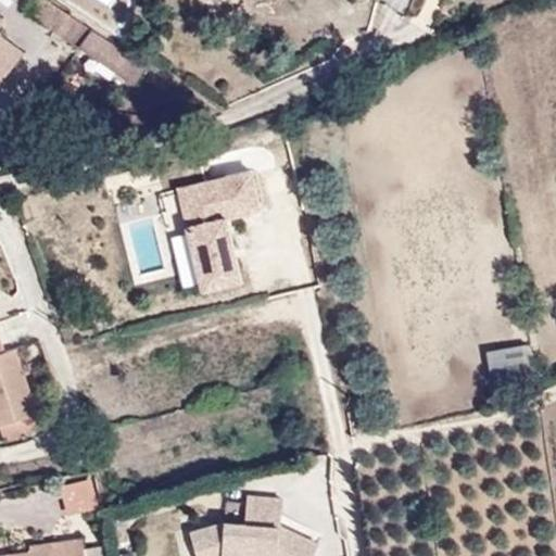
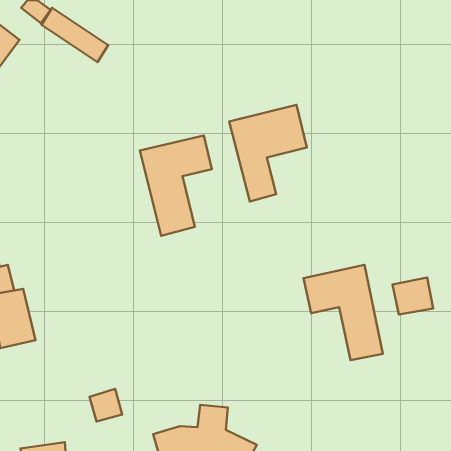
building: none -> [229,105,307,201]
building: none -> [304,265,383,360]
building: [55,475,96,515] -> [89,389,122,422]

